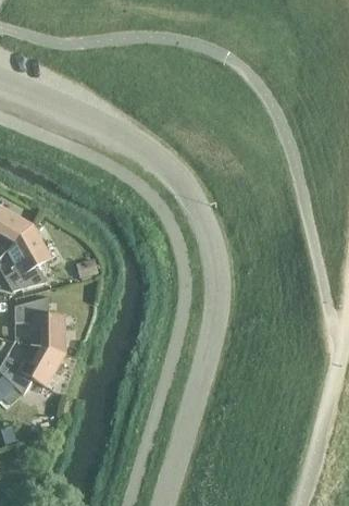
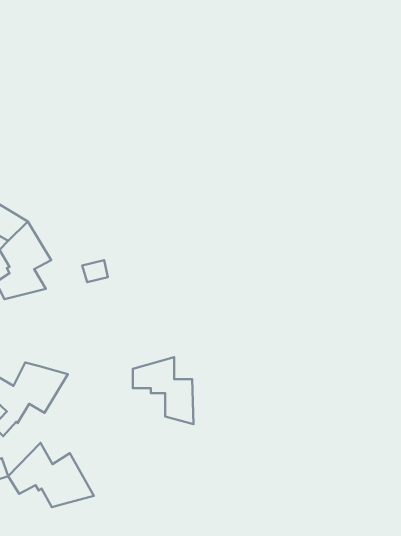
building: [13,297,64,354] -> [133,357,194,424]
building: none -> [8,443,94,507]

